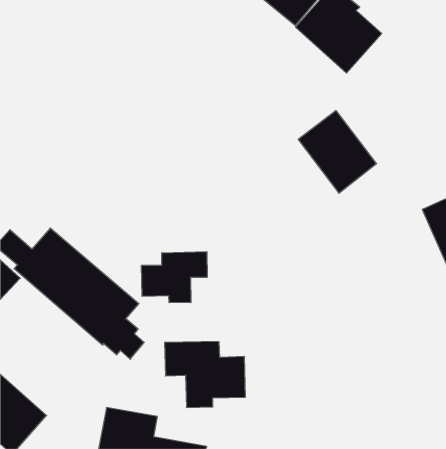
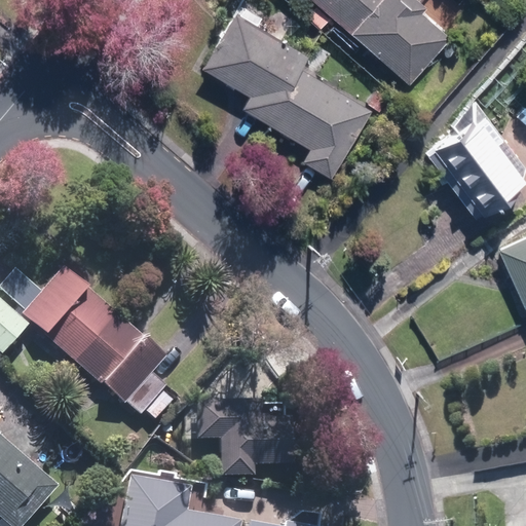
building: none -> [201,12,373,178]
building: [298,111,377,193] -> [427,117,519,214]
building: [141,252,207,303] -> none

